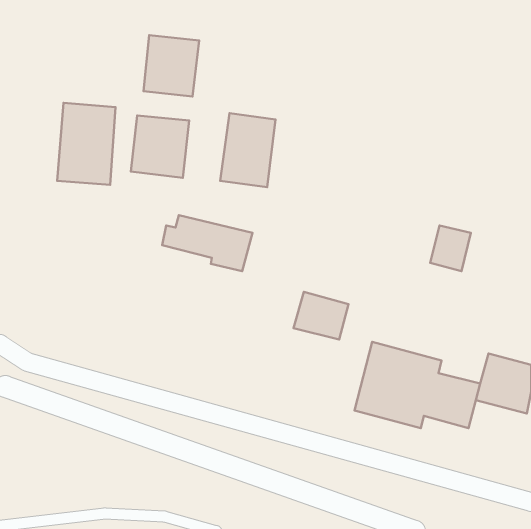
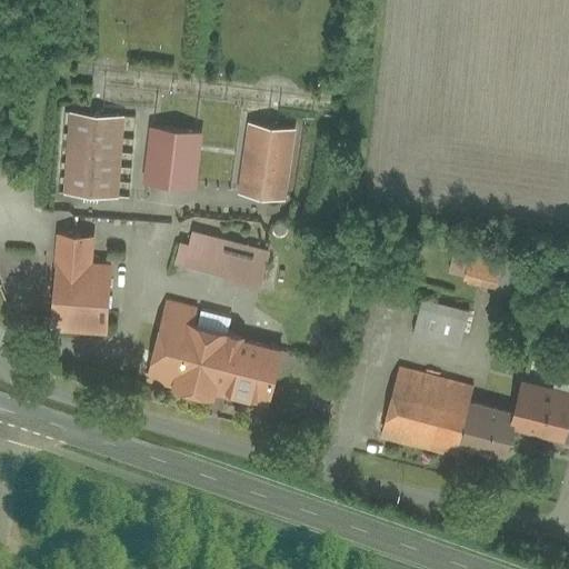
building: [143,35,199,97] -> none
building: none -> [56,233,116,335]
building: none -> [146,301,284,406]
building: [293,292,349,340] -> [409,299,468,350]

